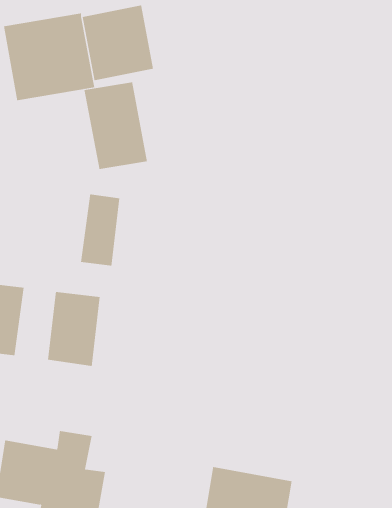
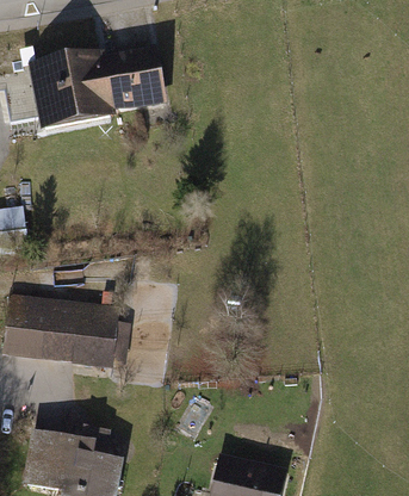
building: [84,81,147,170] -> none
building: [80,194,120,266] -> [41,296,76,360]

